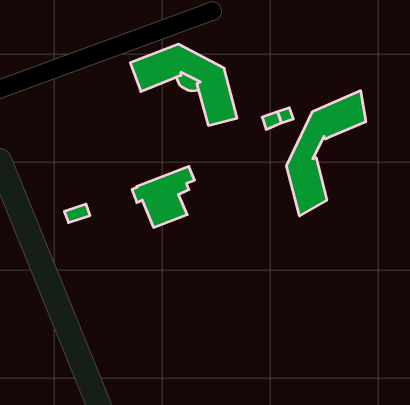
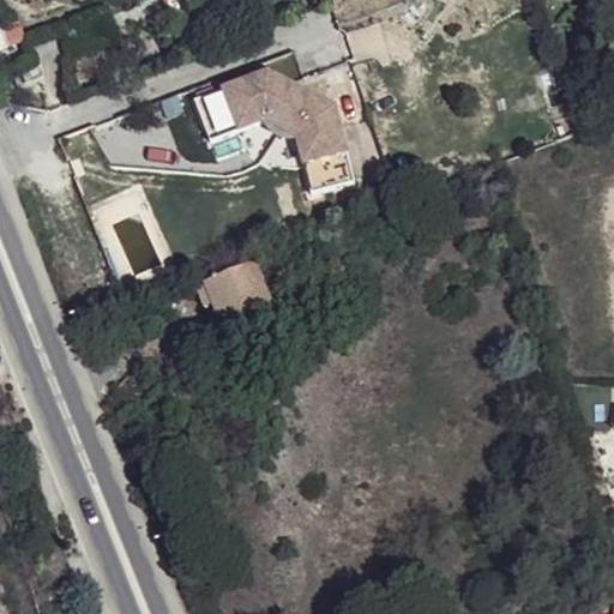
building: [287,91,366,216] -> none

